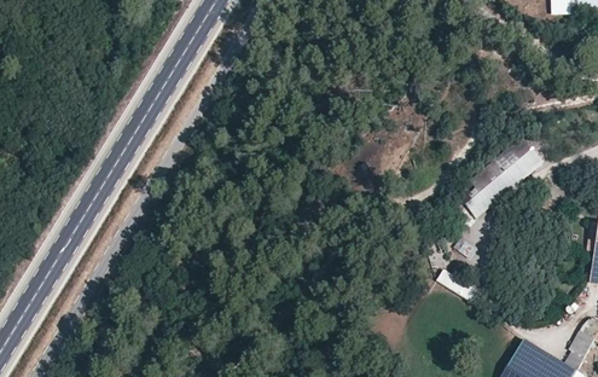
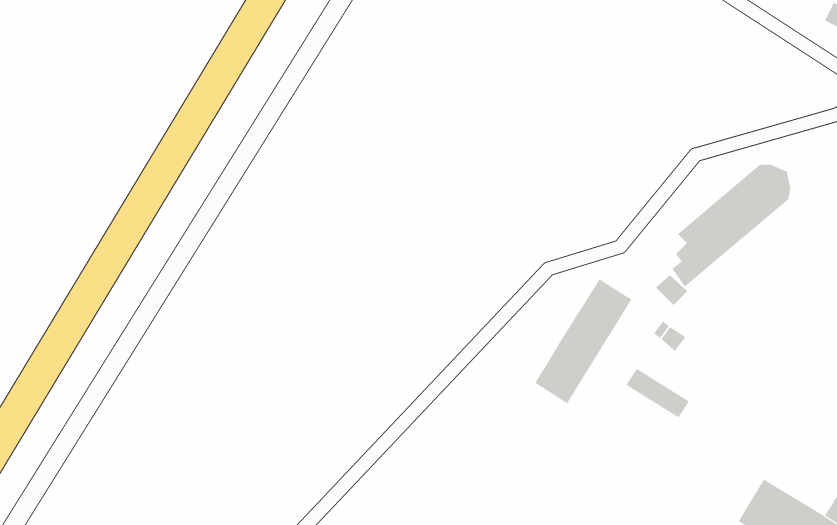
building: none -> [534,279,632,404]

